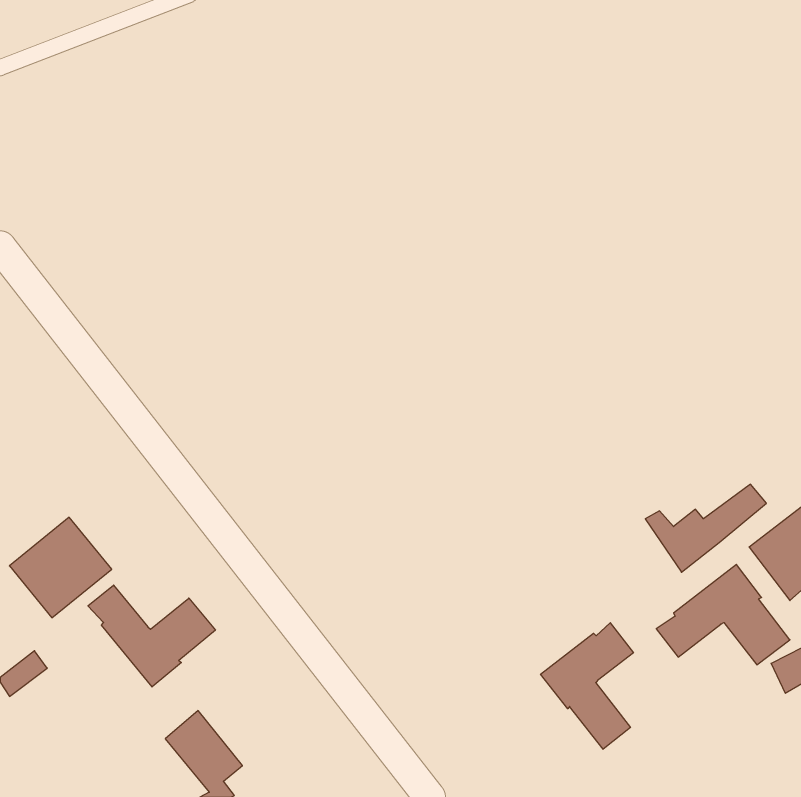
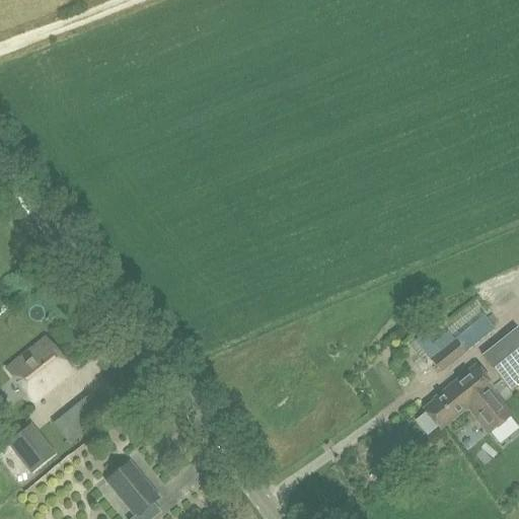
building: [88,585,215,687] -> none
building: [541,623,633,749] -> none
building: none -> [12,435,50,472]

